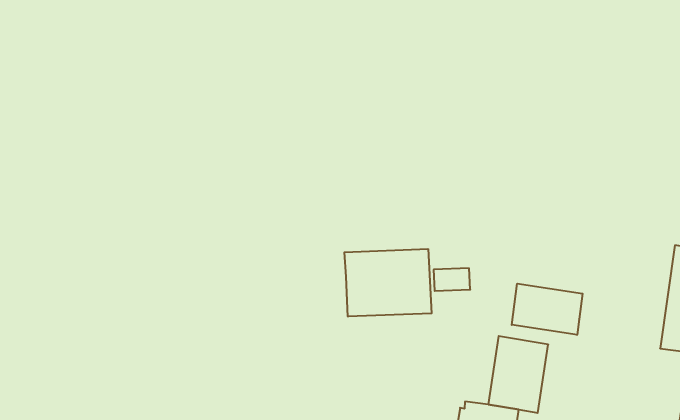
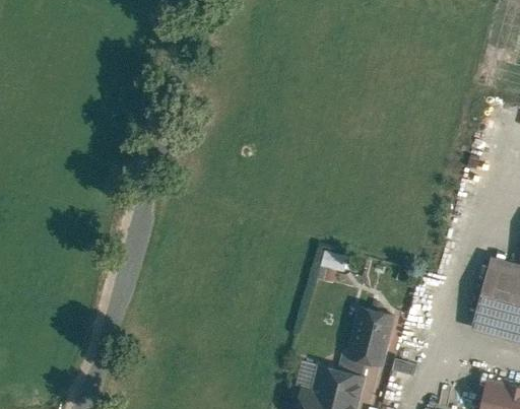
building: [344,249,432,317] -> none
building: [512,284,583,335] -> none

